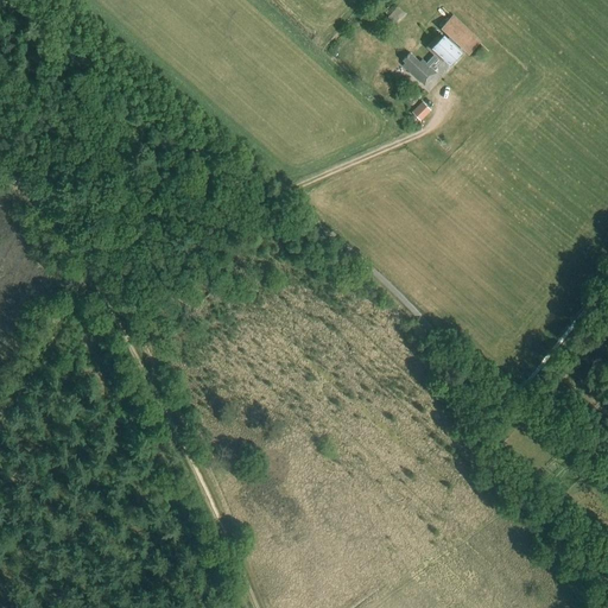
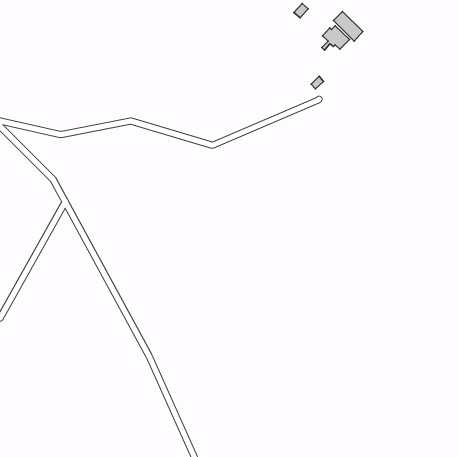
building: [403,53,436,87] -> none

